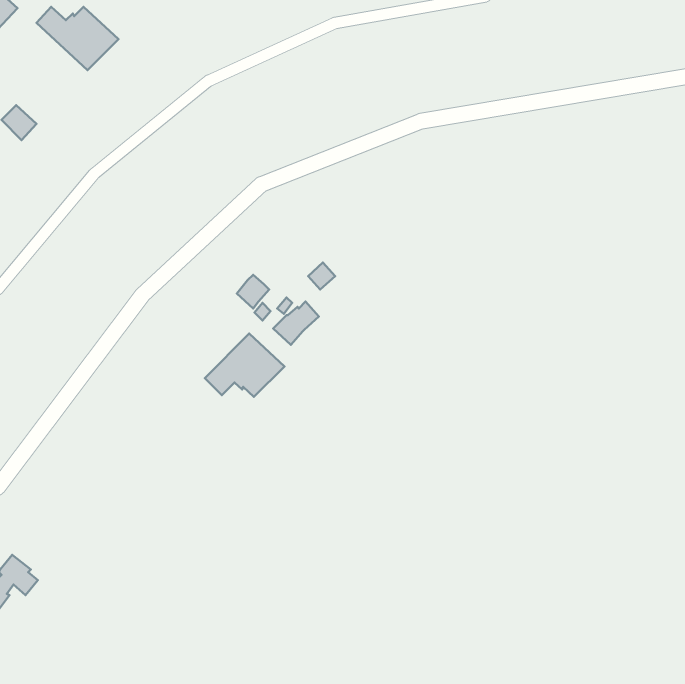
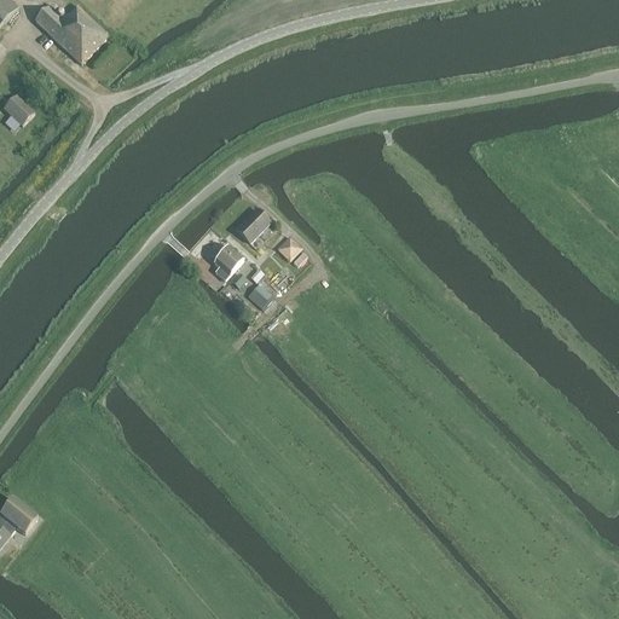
building: none -> [233,209,270,244]
building: [205,334,284,397] -> none

